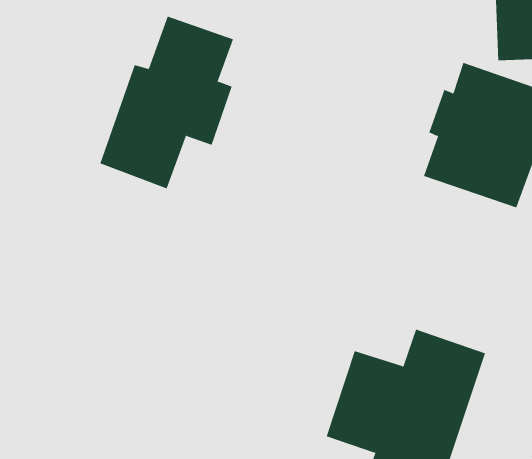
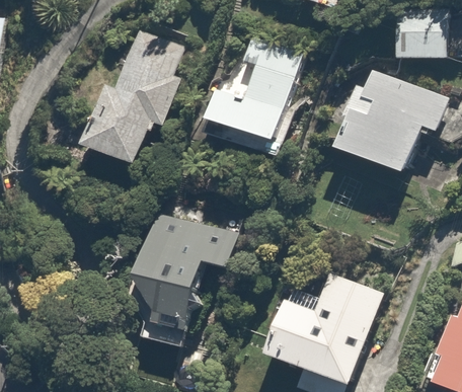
building: none -> [200,32,301,154]
building: none -> [134,202,247,348]

